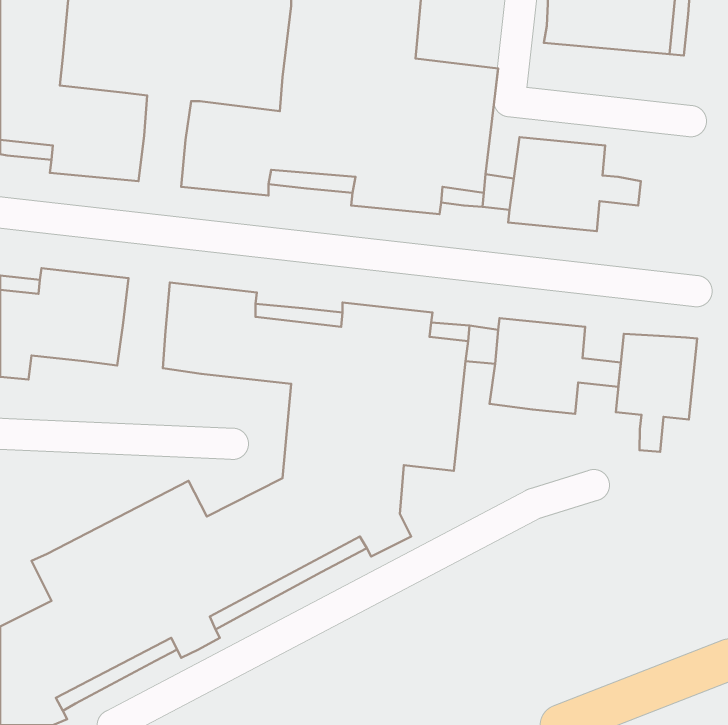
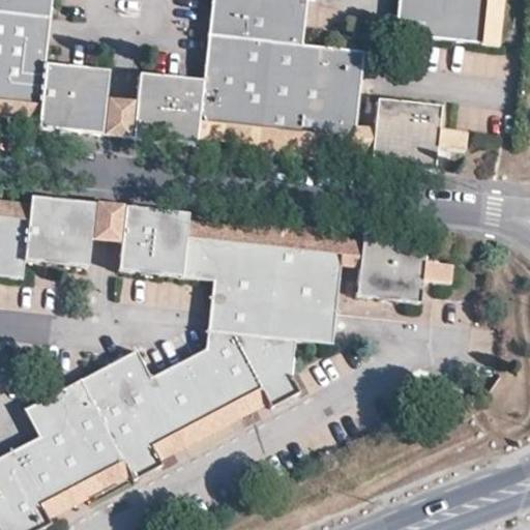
building: none -> [101,98,136,136]
building: none -> [90,202,124,240]
building: [616,334,697,452] -> none

